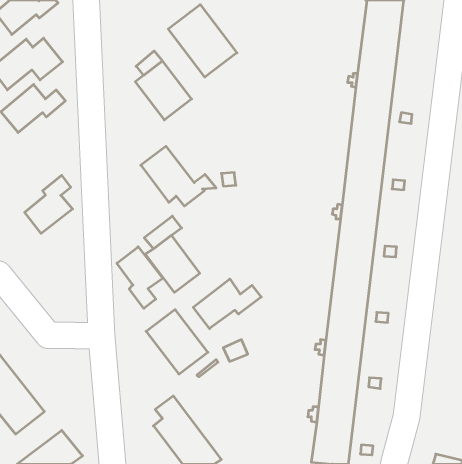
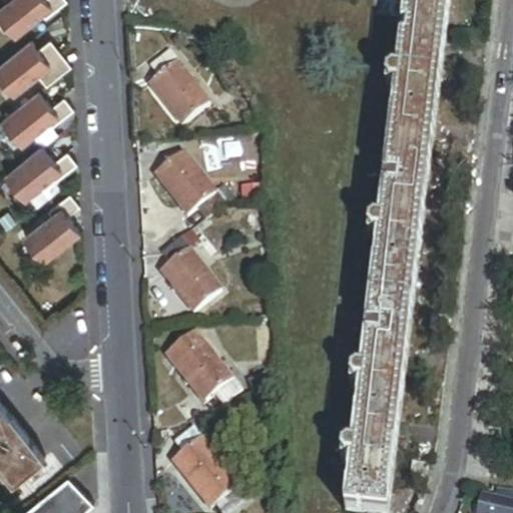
building: [168,5,237,77] -> none
building: none -> [5,146,75,199]
building: [117,247,163,308] -> none
building: [193,279,261,329] -> none

